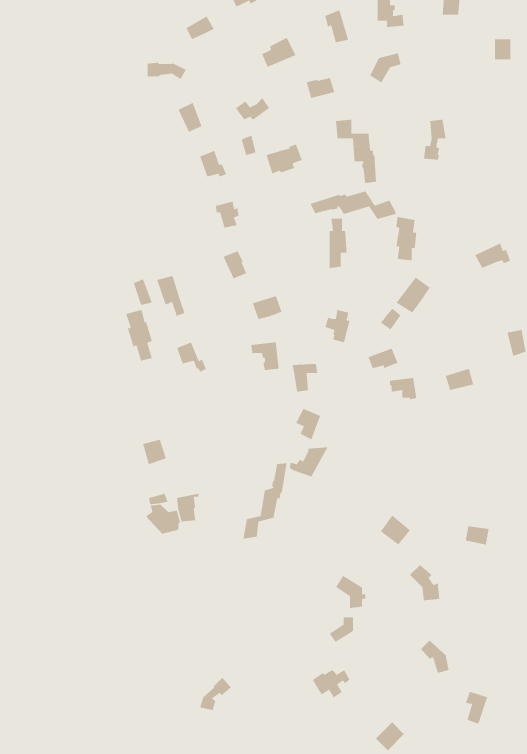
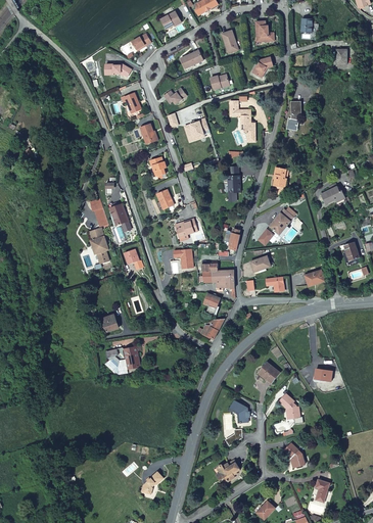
building: [310,191,398,220] -> none
building: none -> [211,268,234,289]
building: [243,462,287,540] -> none

